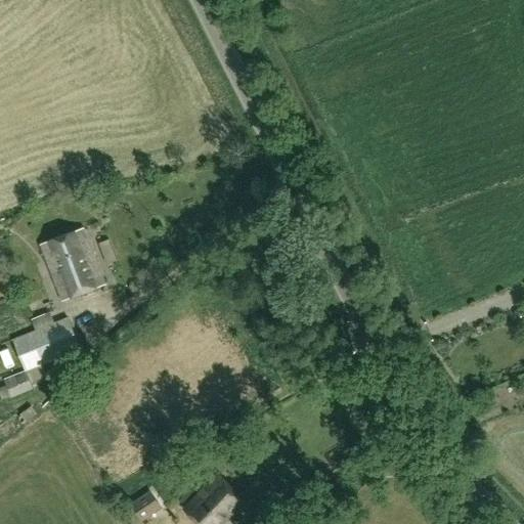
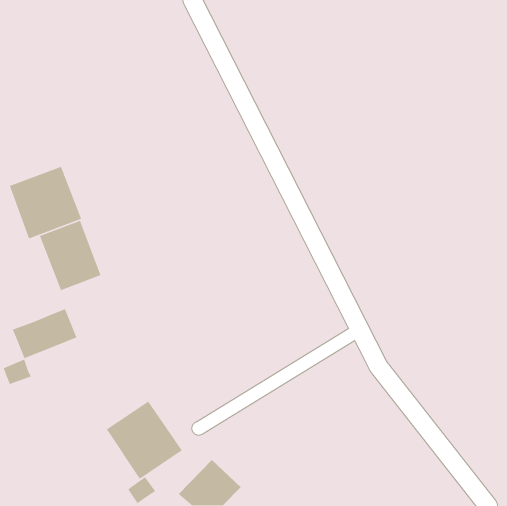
building: none -> [9,166,82,239]
building: none -> [106,401,183,480]

